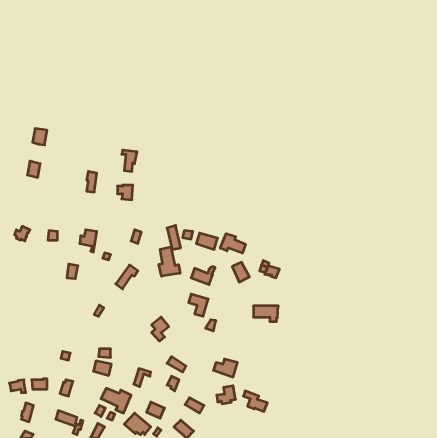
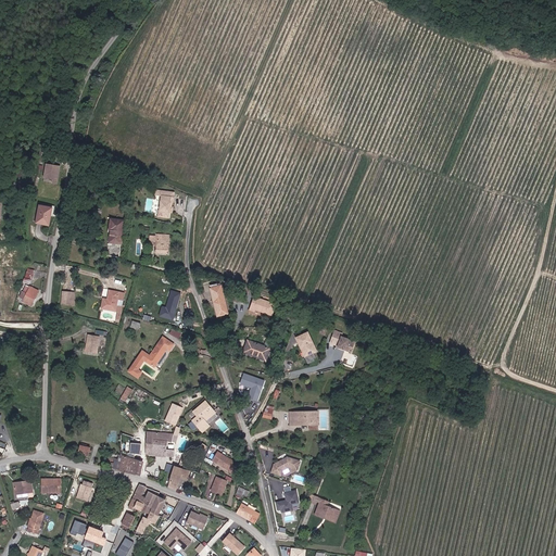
building: [220,234,245,253] -> none
building: [159,247,180,276] -> none
building: [253,306,278,321] -> [289,410,320,430]
building: none -> [144,431,174,457]

